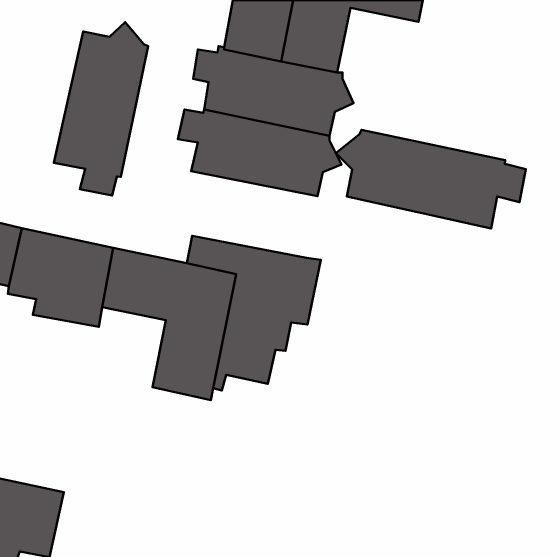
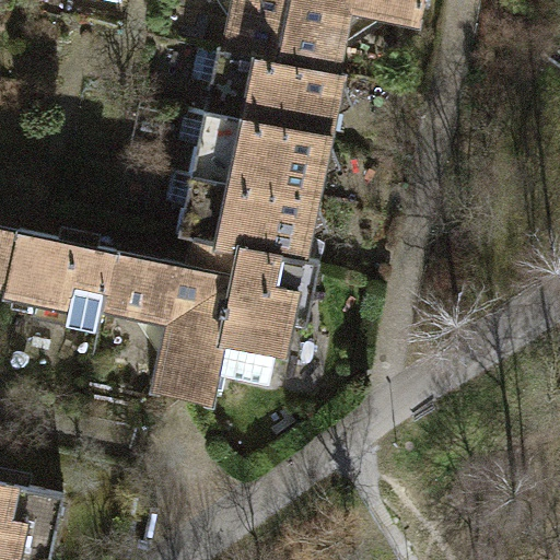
building: [54,22,148,196] -> none
building: [336,130,526,228] -> none
building: none -> [165,174,327,260]

